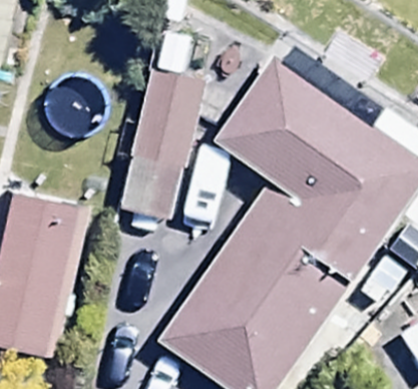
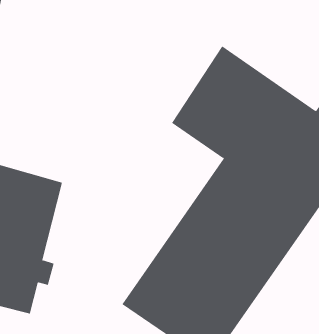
building: [120,74,205,225] -> none

